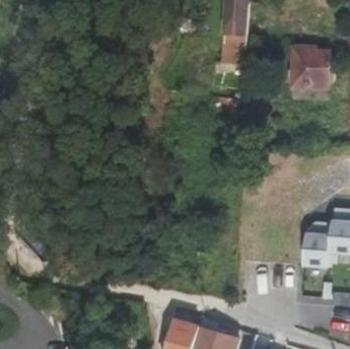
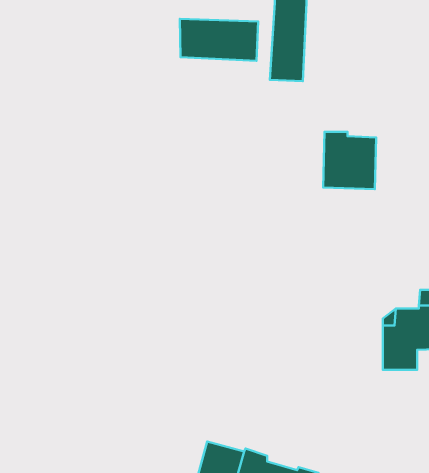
building: none -> [180,19,258,61]
building: [291,46,329,86] -> [323,132,376,189]

